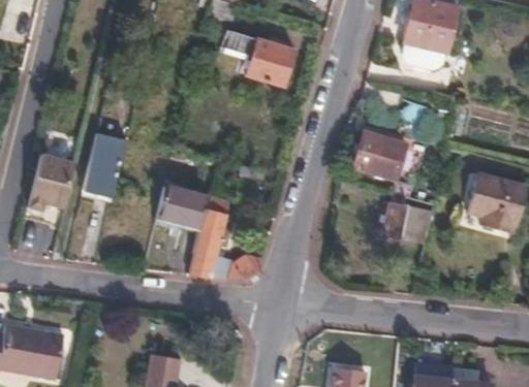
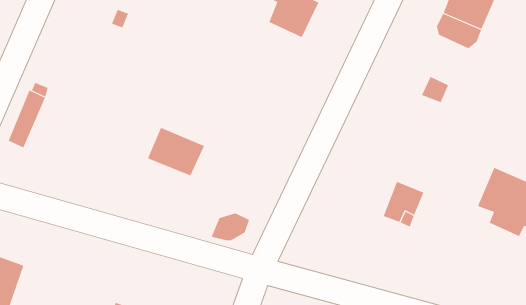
building: [354,133,406,179] -> none
building: [85,135,126,195] -> none
building: [190,196,229,278] -> none

